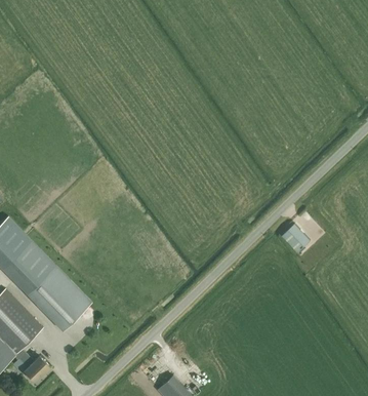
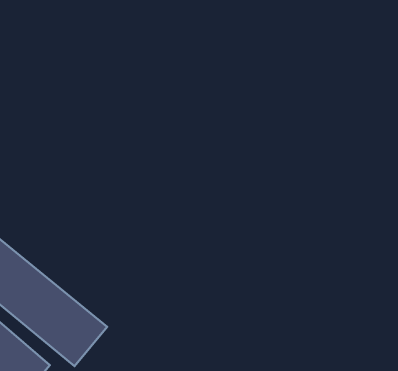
building: [282,225,311,253] -> none

